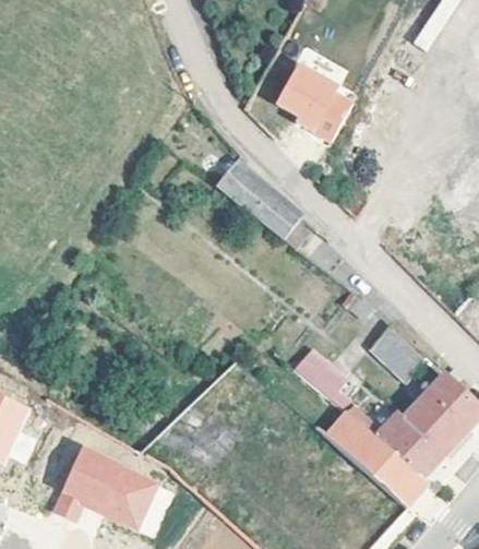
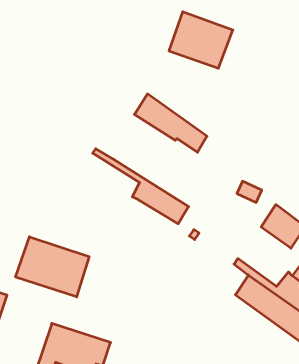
building: none -> [93,149,189,224]
building: none -> [16,237,89,297]
building: [292,347,346,395] -> none

